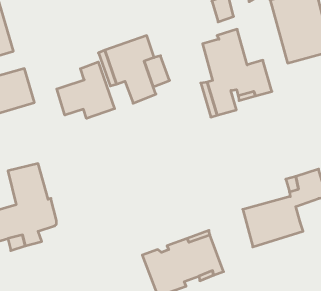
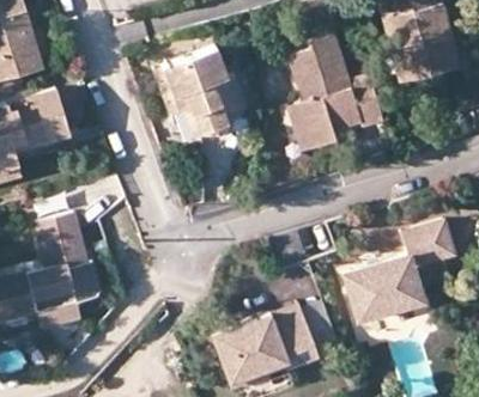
building: [57,62,115,118] -> none

